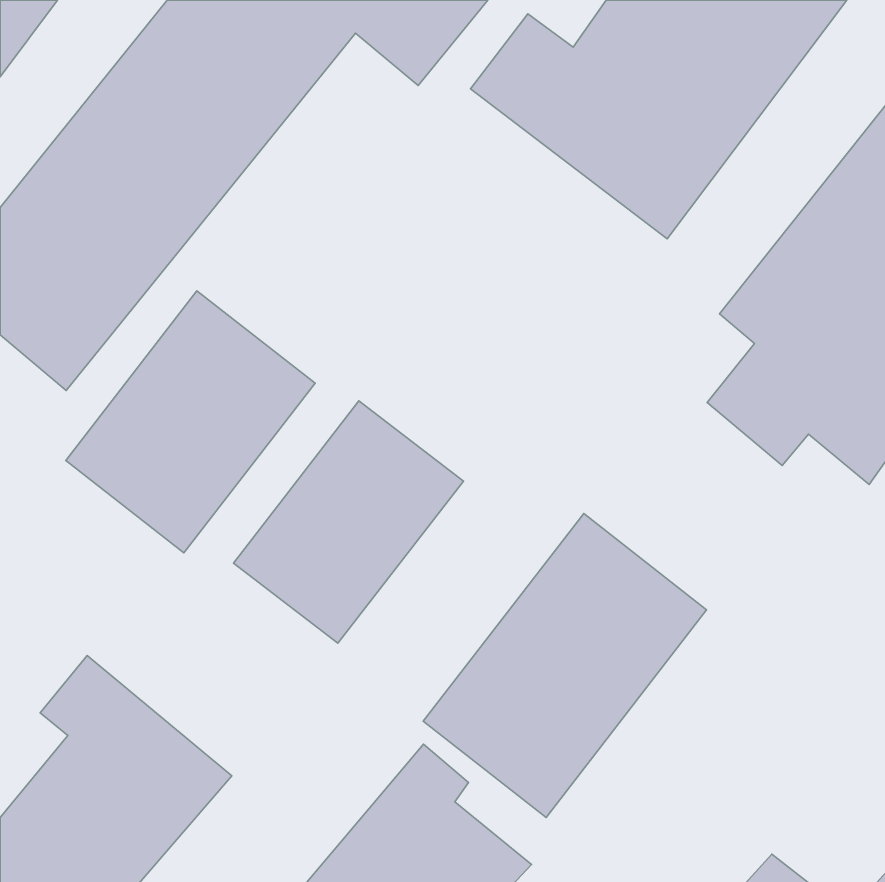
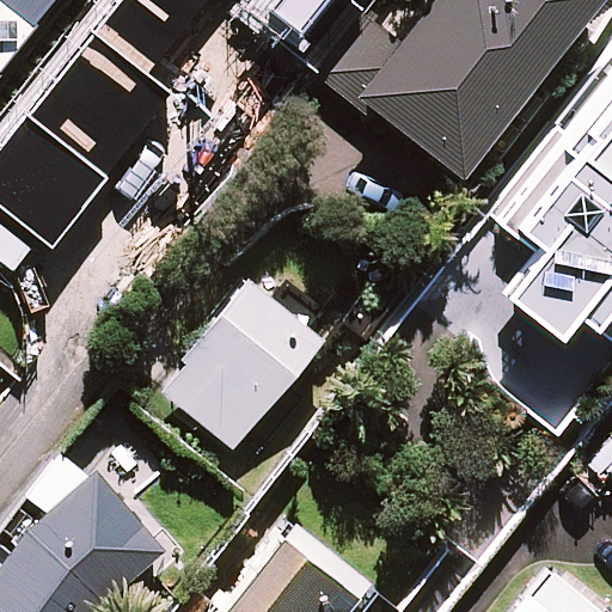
building: [66,291,315,553] -> none
building: [423,514,707,817] -> none

